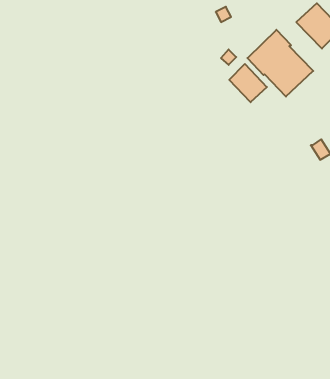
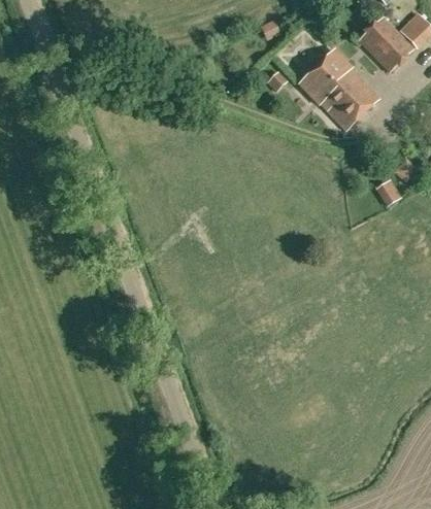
building: [229,64,267,102] -> none

